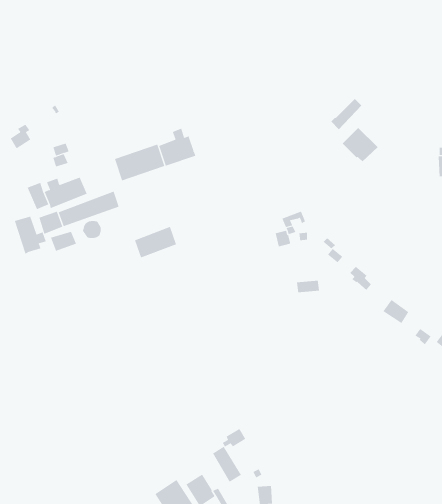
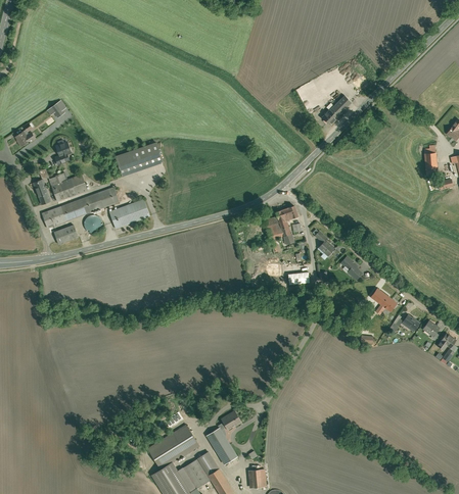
building: [342,127,378,162] -> none
building: [159,128,196,167] -> none
building: [14,216,47,254] -> none
building: [134,226,177,258] -> [109,198,150,229]
building: none -> [149,425,199,467]

